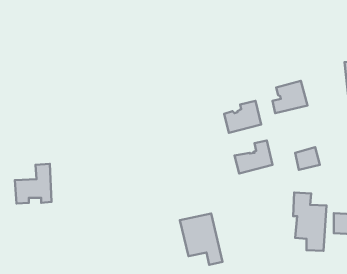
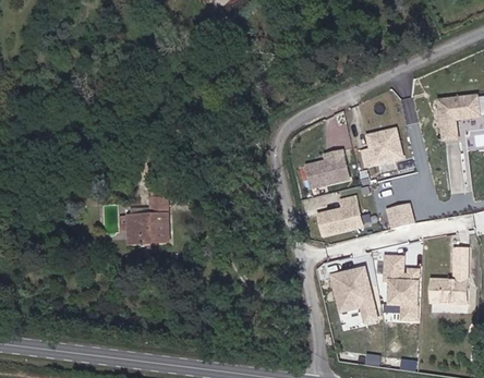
building: [15,164,52,204] -> [128,198,170,244]
building: [180,214,223,265] -> [329,266,378,325]

